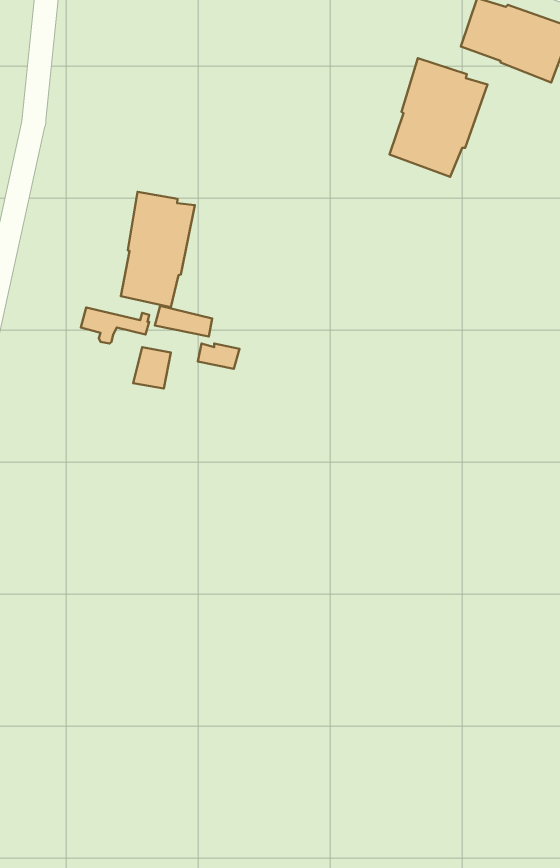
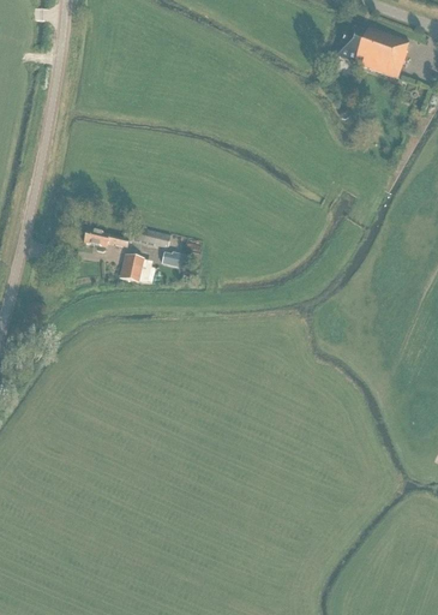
building: [389,58,488,177] -> none
building: [121,192,195,307] -> none

